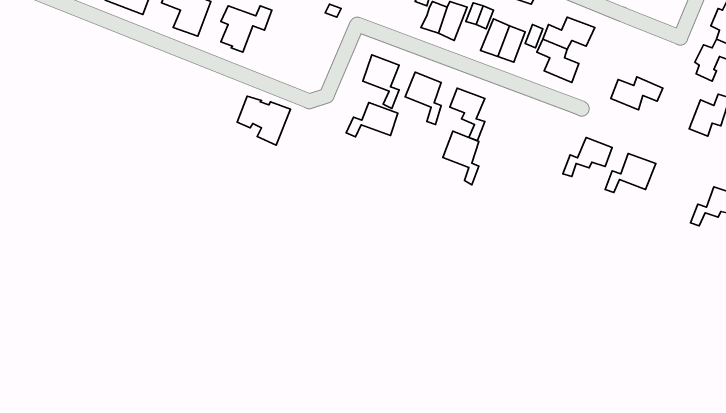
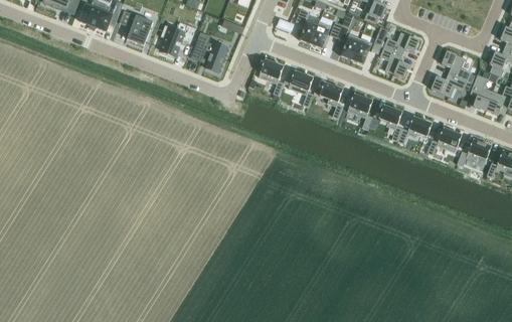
building: none -> [442,50,471,82]
building: none -> [470,74,493,110]
building: [237,96,291,145] -> [191,38,228,72]
building: [346,102,398,137] -> none
building: none -> [378,105,402,141]
building: [443,131,479,185] -> [347,93,372,130]
building: none -> [457,139,491,166]

